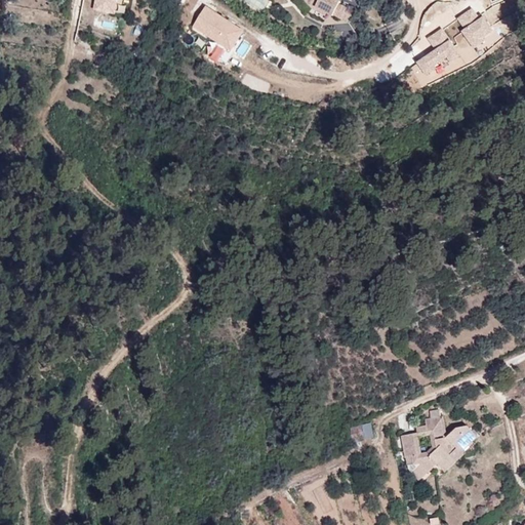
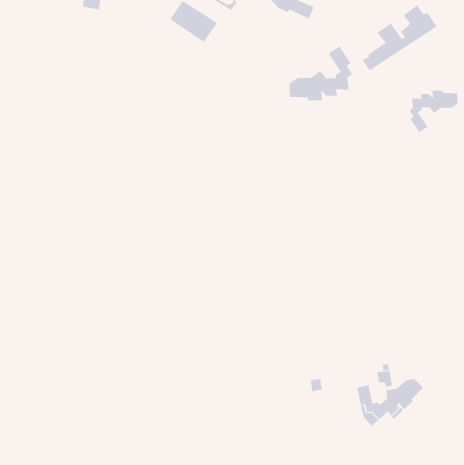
building: none -> [289,45,353,101]
building: none -> [409,90,458,133]

